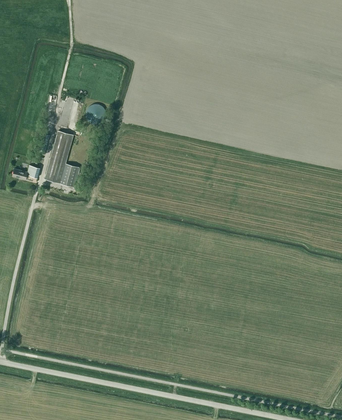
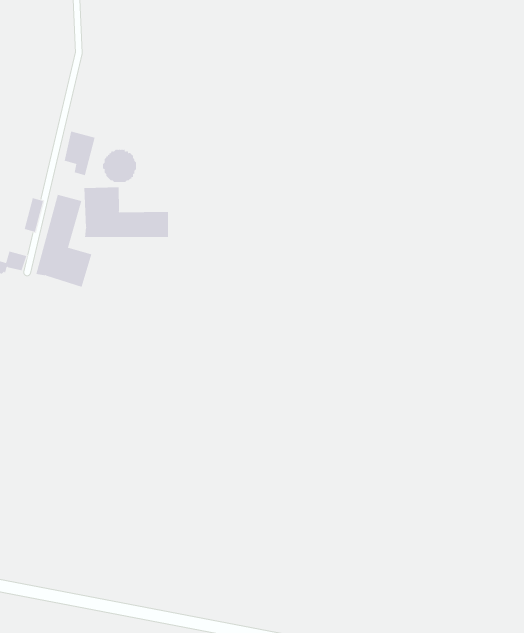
building: none -> [84,187,169,238]

